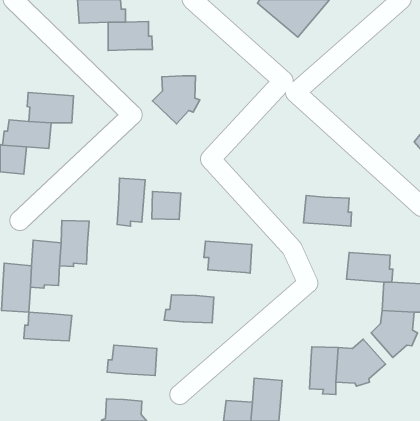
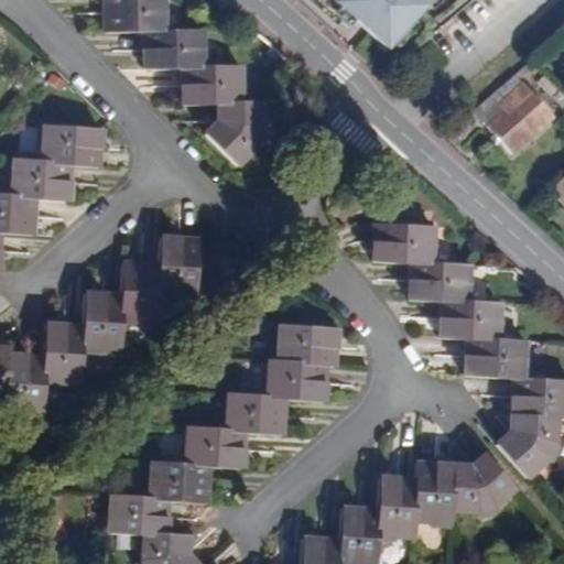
building: none -> [184,65,246,104]
building: none -> [477,73,557,152]
building: none -> [372,220,436,263]
building: none -> [119,263,161,325]
building: none -> [440,300,502,339]
building: none -> [264,360,329,399]
building: [24,312,72,341] -> [107,495,171,533]
building: none -> [184,426,247,467]
building: none -> [377,474,417,539]

